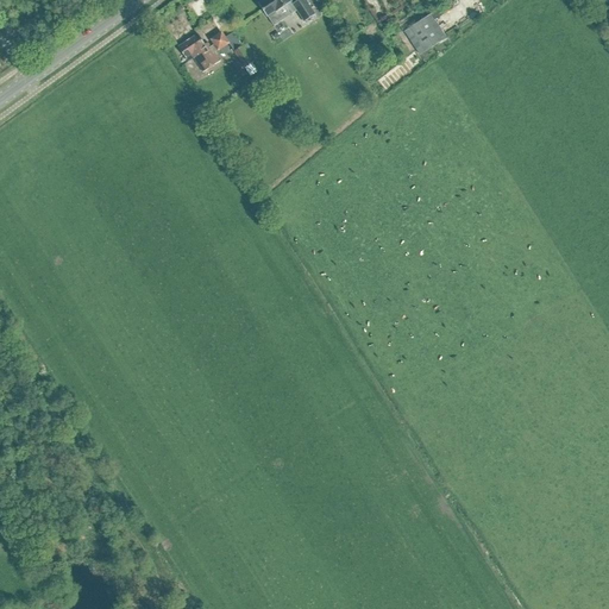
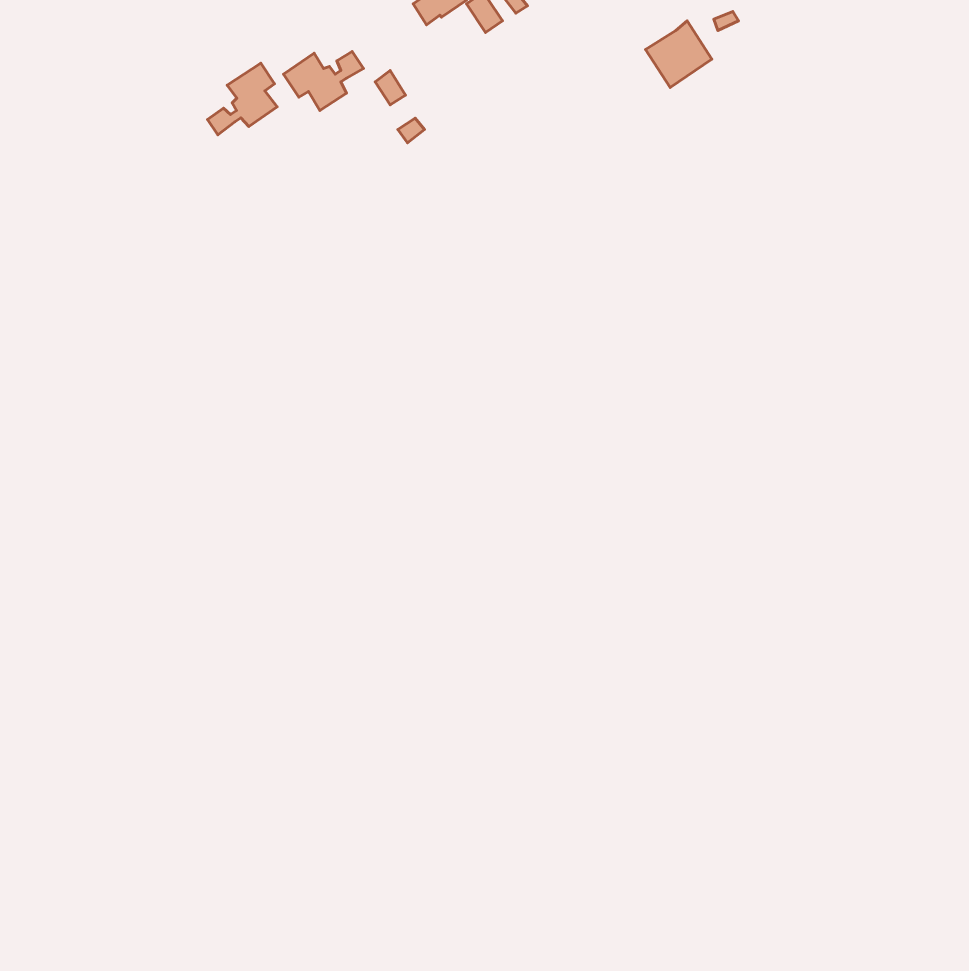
building: none -> [208,63,277,135]

